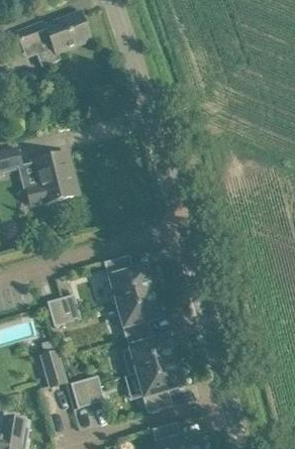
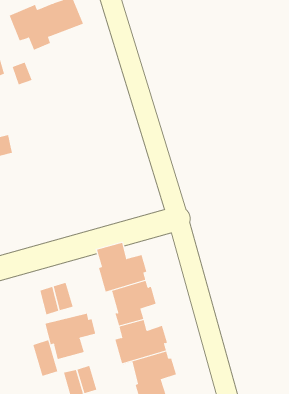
building: [26,152,78,206] -> none
building: none -> [45,313,96,360]

